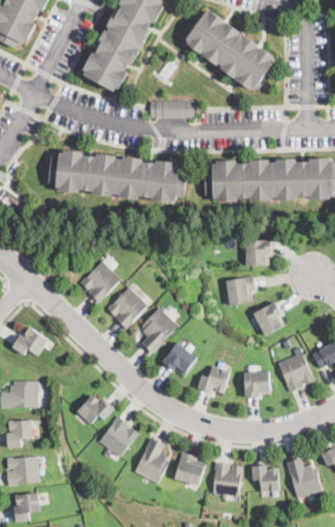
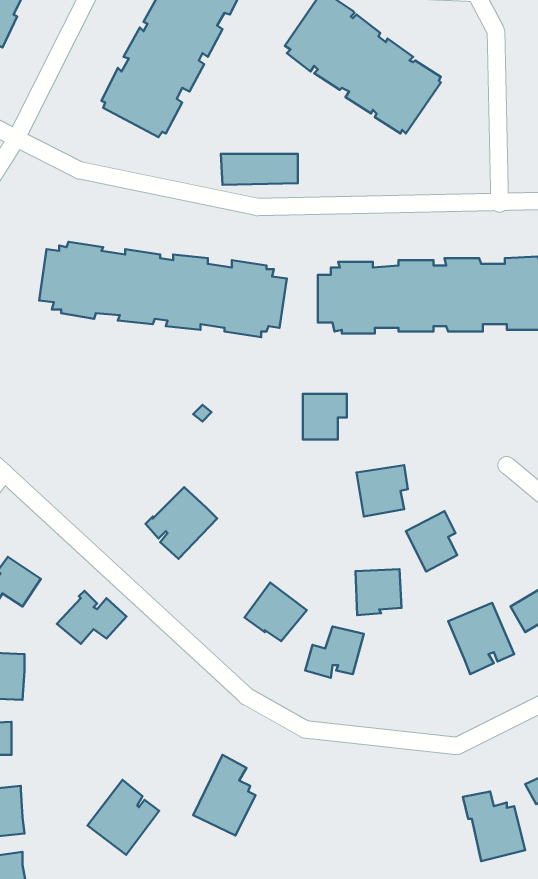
building: [246,238,271,264] -> [303,394,347,440]
building: [81,260,121,302] -> none
building: [141,307,177,353] -> none
building: [244,370,270,395] -> [355,569,401,615]
building: [76,393,115,423] -> [57,591,127,644]
building: [98,415,138,457] -> [88,780,159,855]
building: [173,450,204,484] -> none
building: [212,461,241,496] -> none
building: [250,465,279,493] -> none

